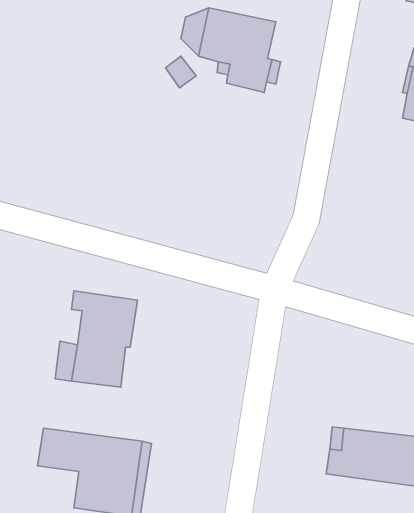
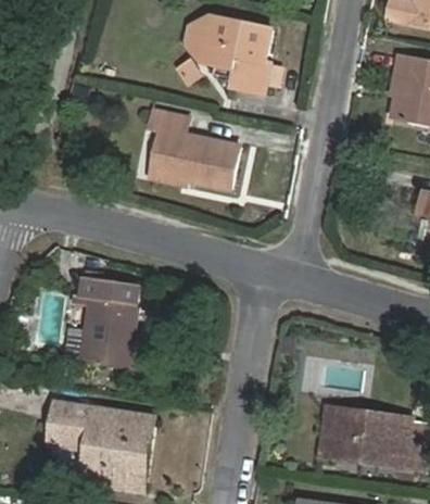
building: none -> [149,108,245,186]

